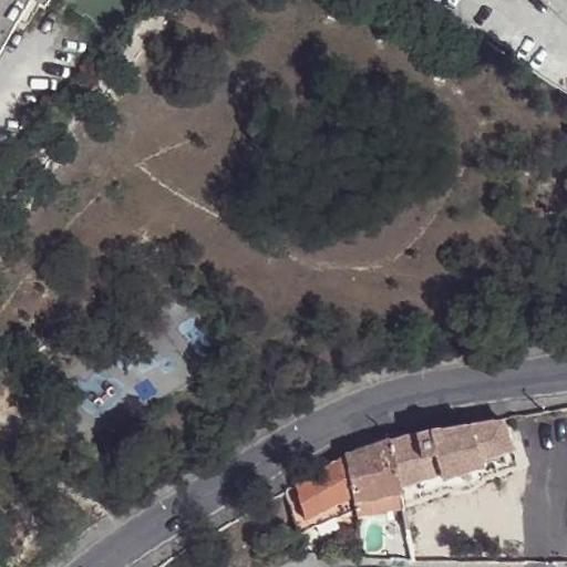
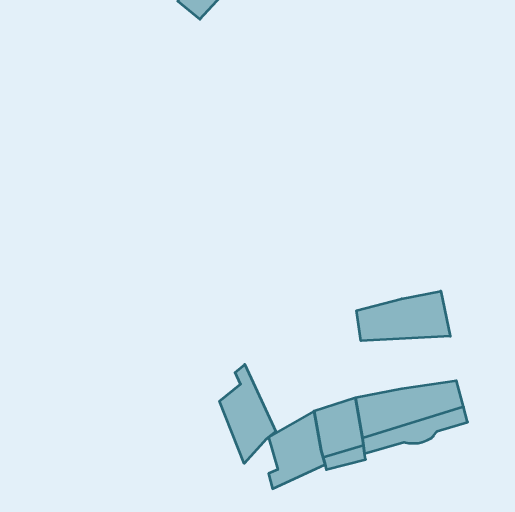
building: none -> [357,291,450,341]
building: none -> [220,364,276,463]

